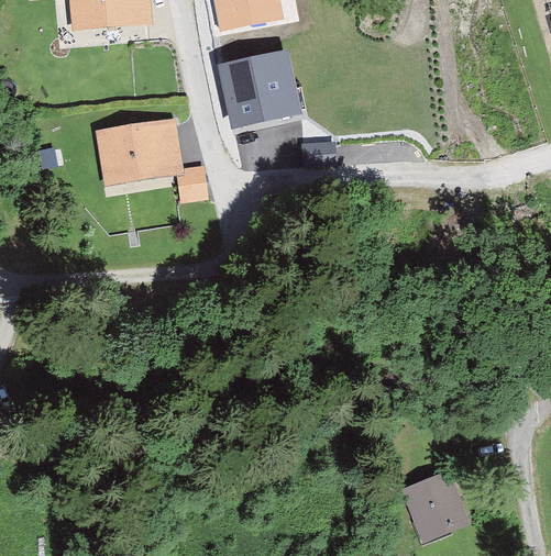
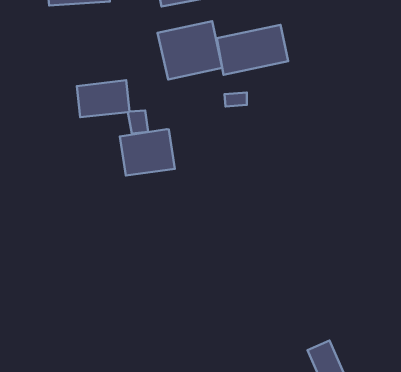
building: none -> [217,25,288,75]
building: none -> [120,129,175,176]

